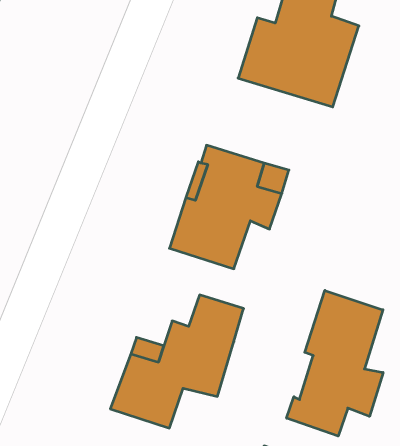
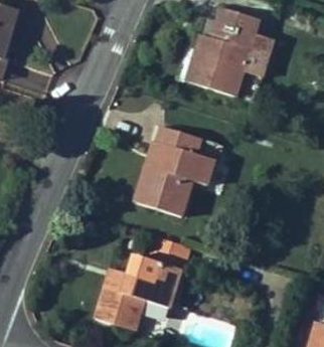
building: [287,290,383,436] -> none

